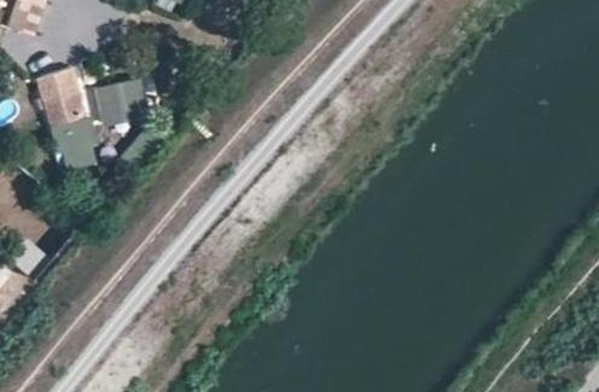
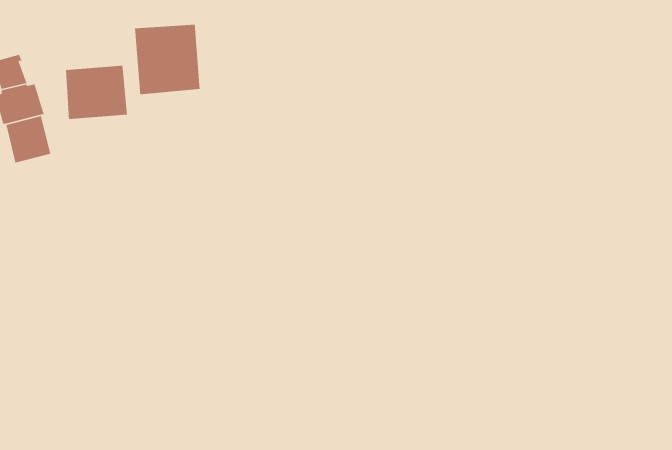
building: none -> [134,24,200,95]

